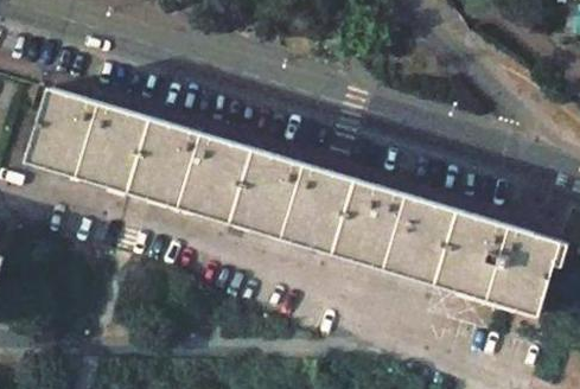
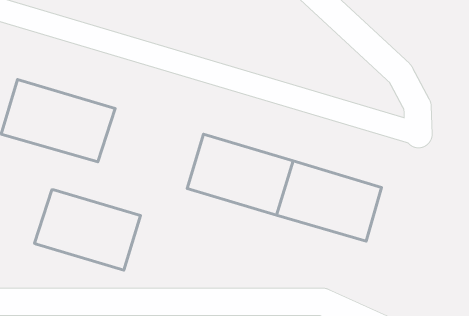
building: [141,126,263,218] -> [34,190,140,270]
building: [451,217,560,306] -> none

